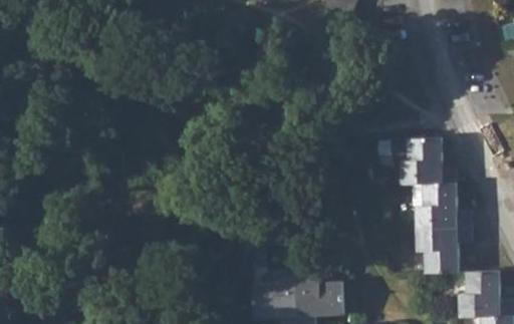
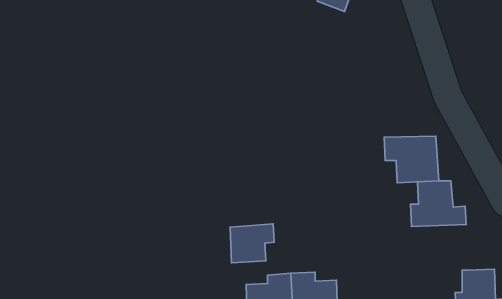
building: none -> [230,224,274,263]
building: [417,227,472,274] -> none

